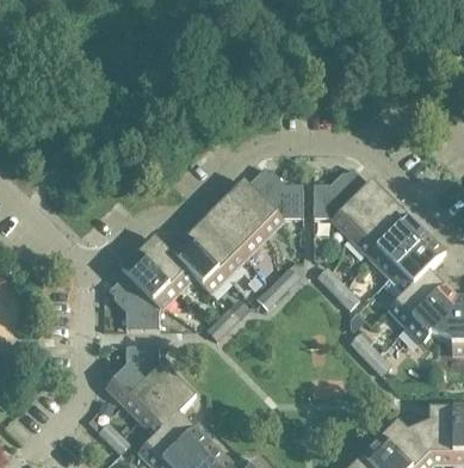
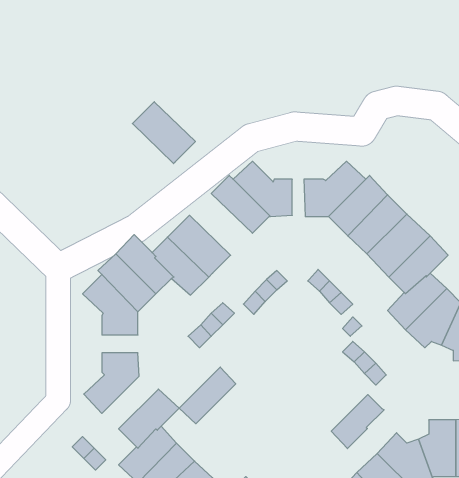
building: [205,198,264,255] -> [132,102,195,164]
building: [124,364,177,417] -> [179,367,236,424]
building: none -> [331,395,384,449]

